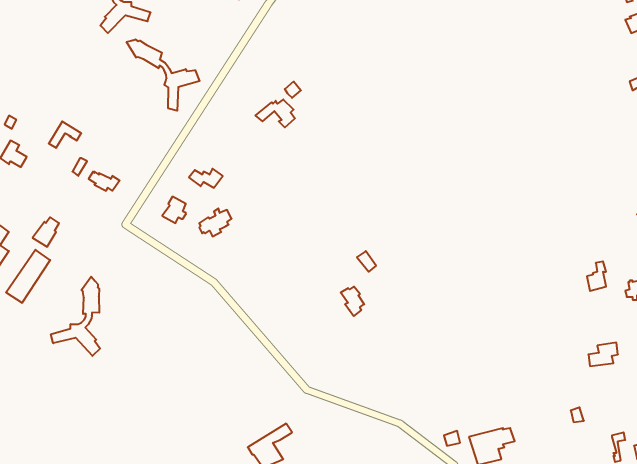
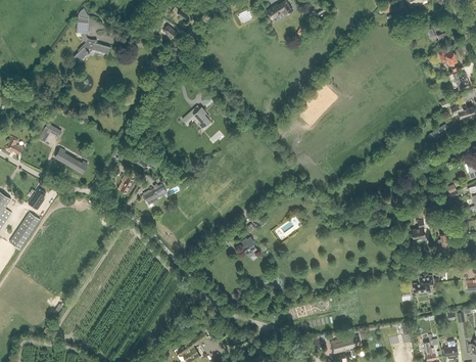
building: [127,39,200,111] -> none
building: [51,277,100,356] -> none

